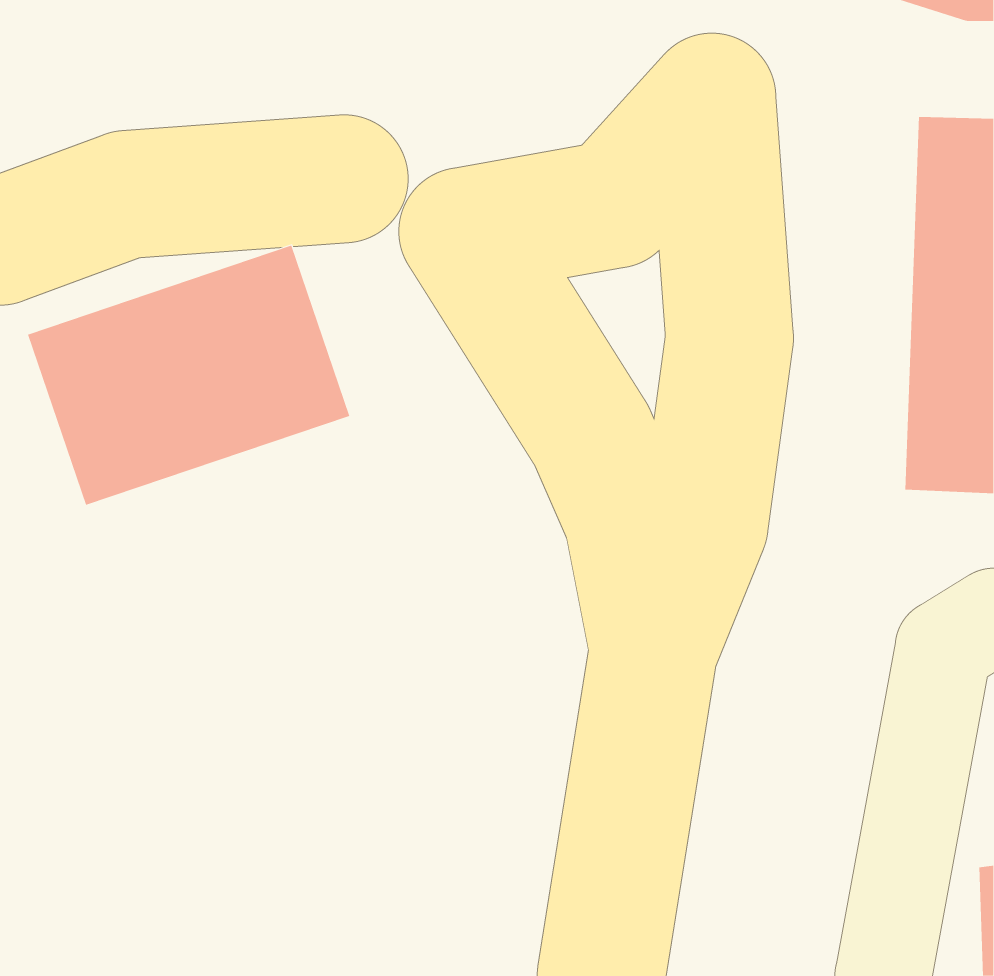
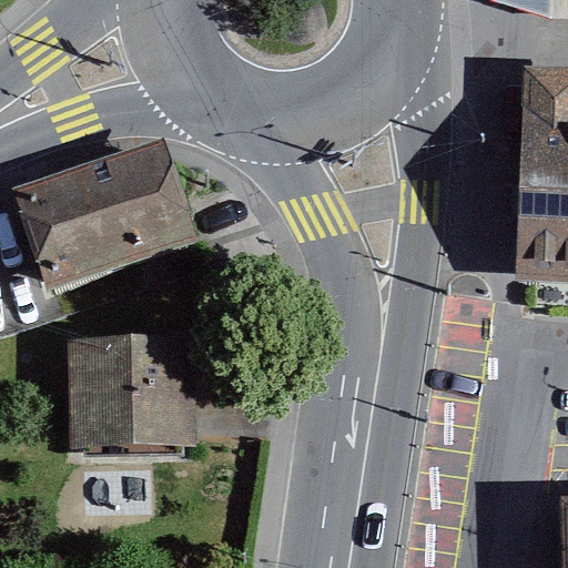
building: none -> [64,329,197,446]

